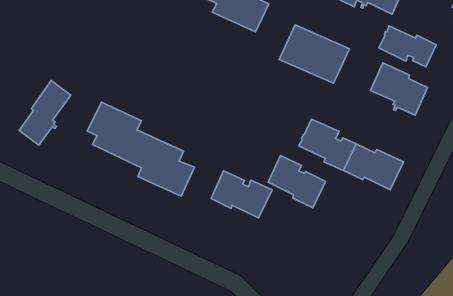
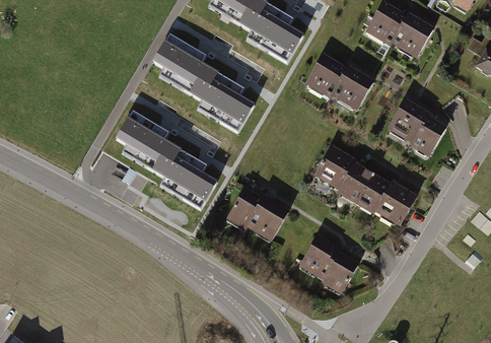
building: none -> [154,31,253,129]
building: [379,26,436,67] -> none
building: [19,81,71,145] -> none
building: [268,156,325,208] -> [302,235,357,288]

